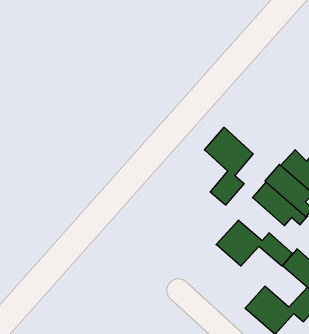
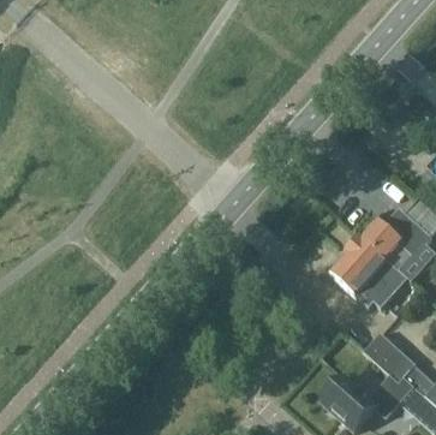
building: [204,127,253,205] -> none
building: [216,220,293,266] -> none

